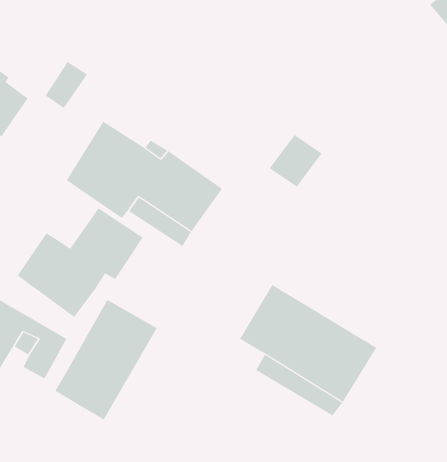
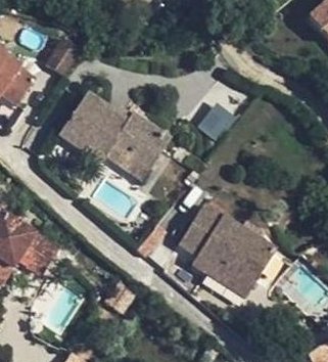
building: [17,208,144,318] -> none
building: [54,299,158,420] -> none

